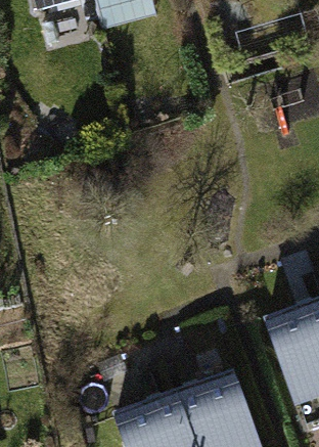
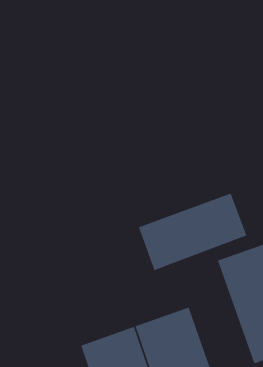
building: none -> [138,193,247,271]

